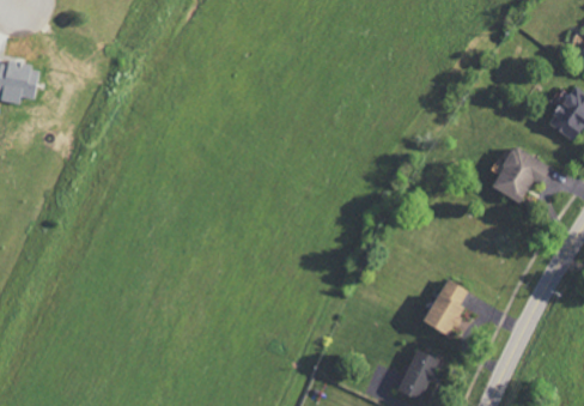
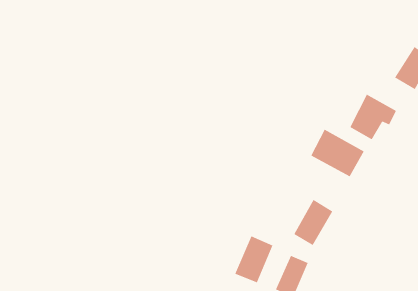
building: none -> [311,129,364,177]
building: none -> [234,235,273,283]

